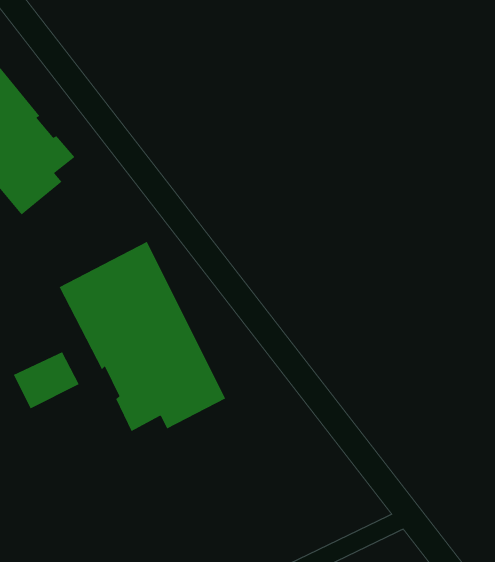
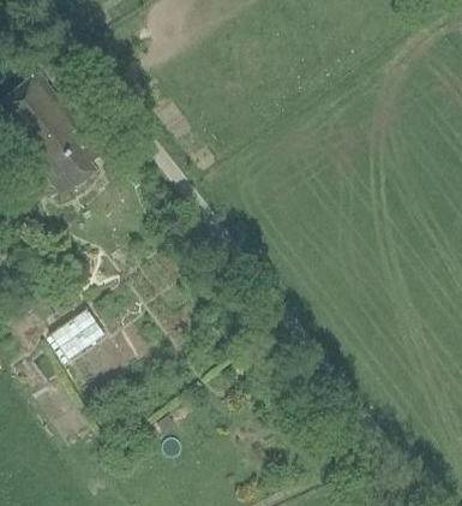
building: [59,241,226,432] -> none

